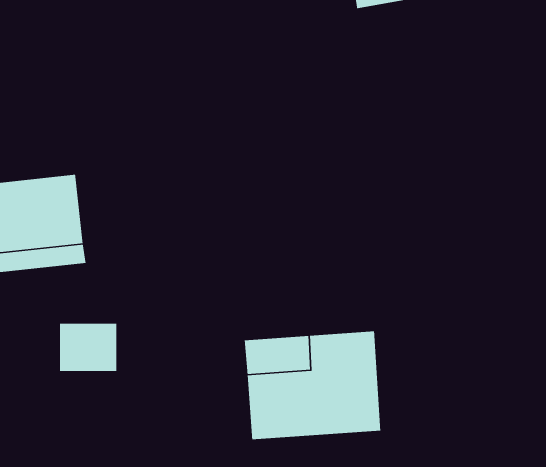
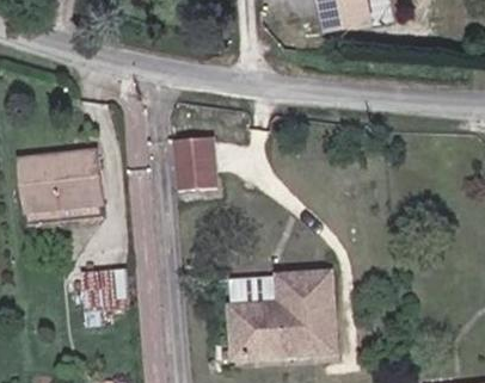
building: none -> [174,140,215,191]

